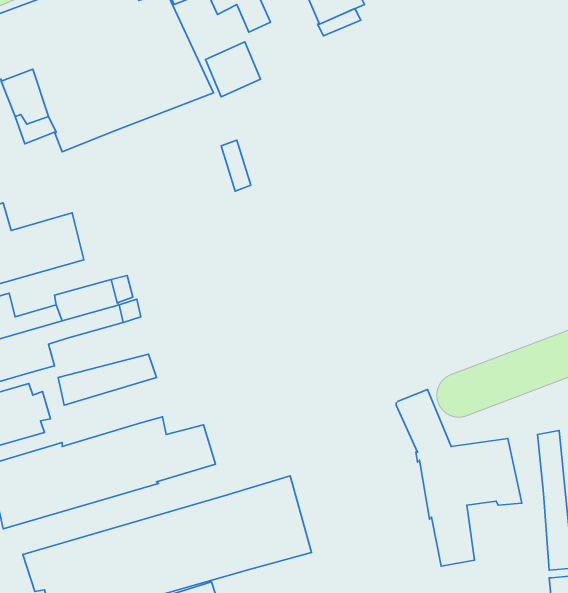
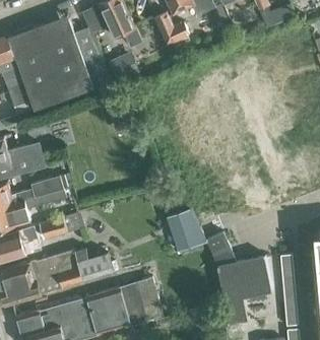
building: none -> [167,208,207,251]

